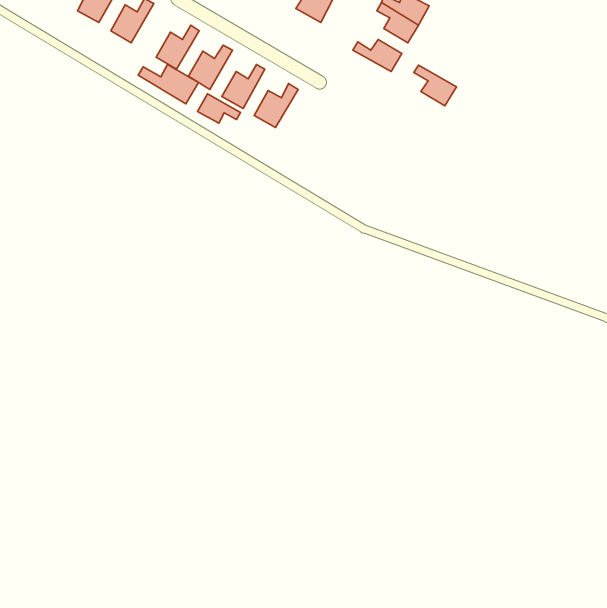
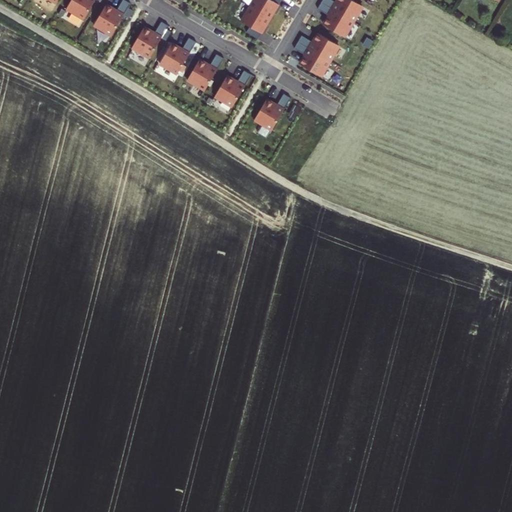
building: none -> [240,7,269,39]
building: [138,64,198,104] -> none
building: [414,65,457,106] -> [292,42,328,76]
building: [197,94,240,123] -> none
building: none -> [253,94,289,131]

